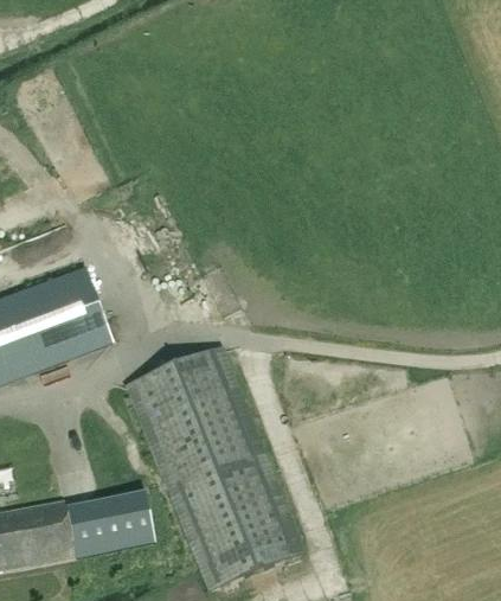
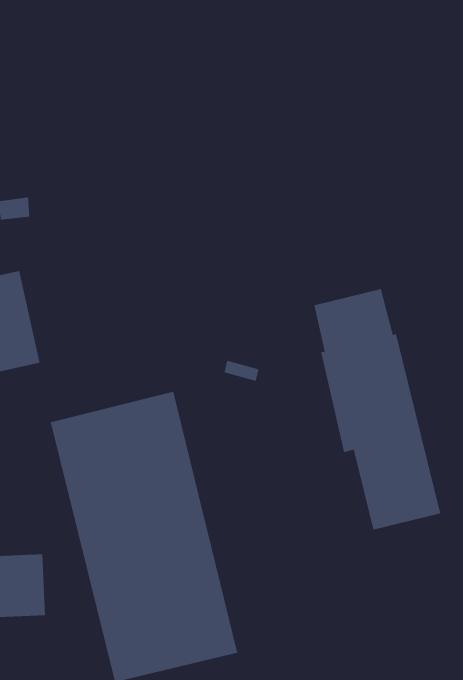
building: none -> [313,288,441,530]

